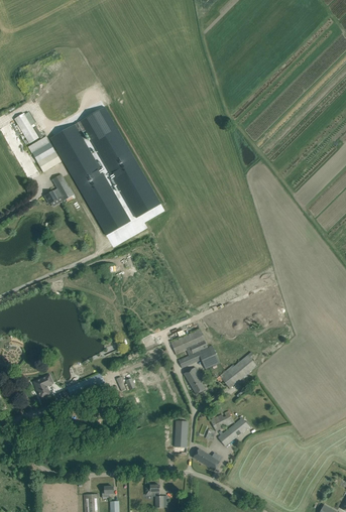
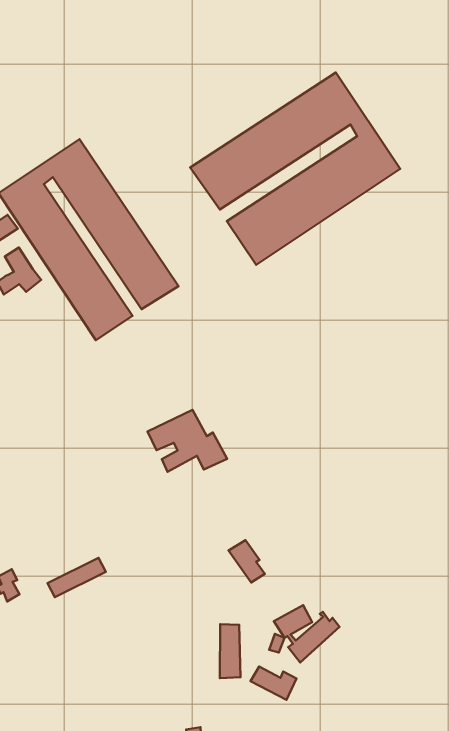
building: none -> [190,72,400,265]
building: [170,330,220,368] -> [148,410,227,472]
building: [220,351,257,387] -> none

